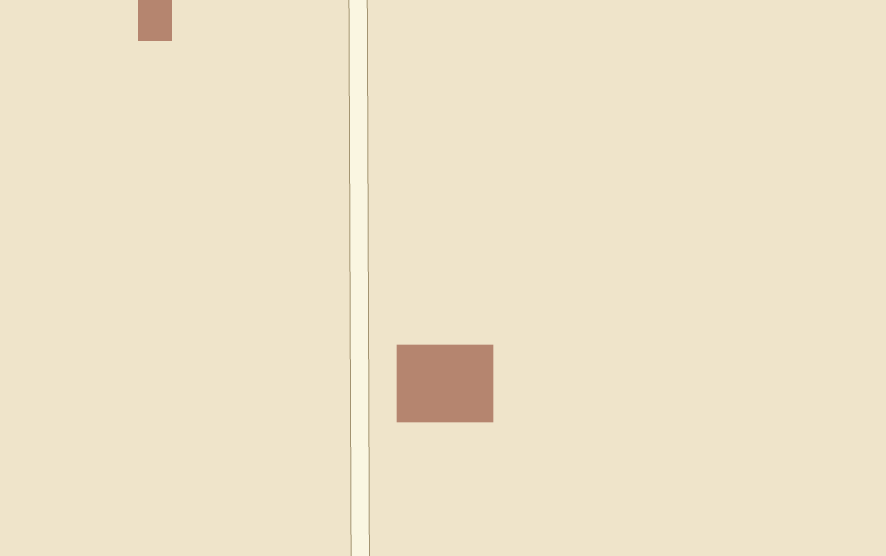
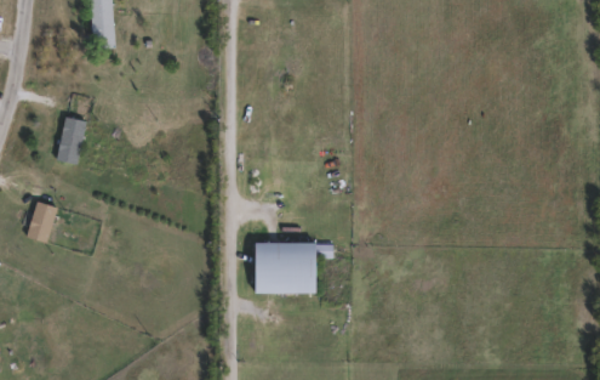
building: none -> [56,115,86,164]
building: none -> [25,200,57,243]

